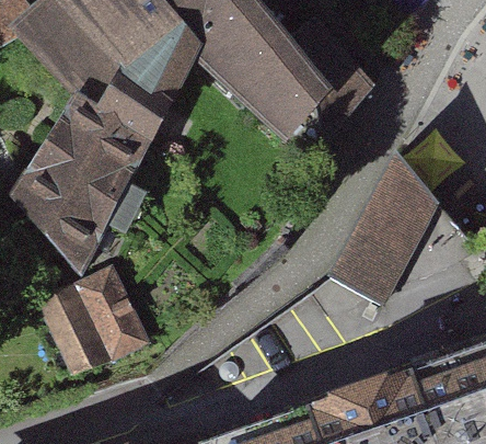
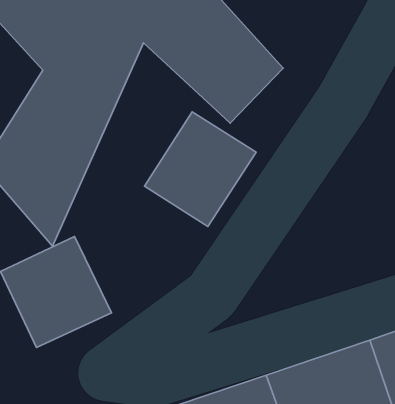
building: none -> [145,112,256,226]
building: [325,156,433,305] -> none

